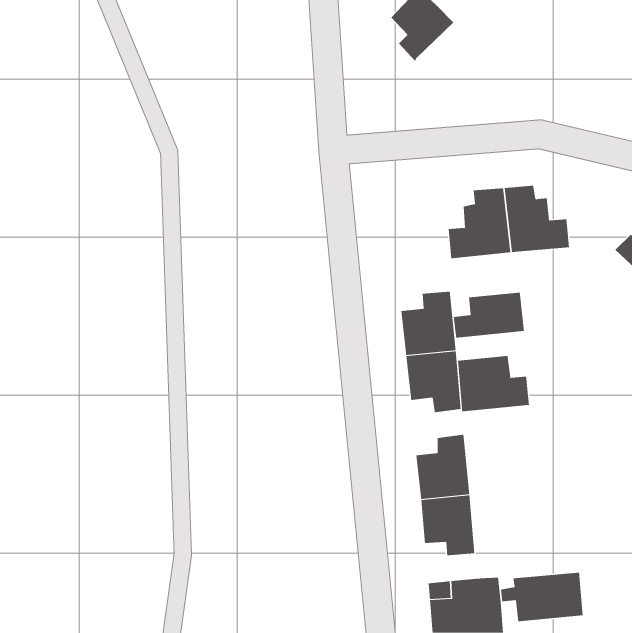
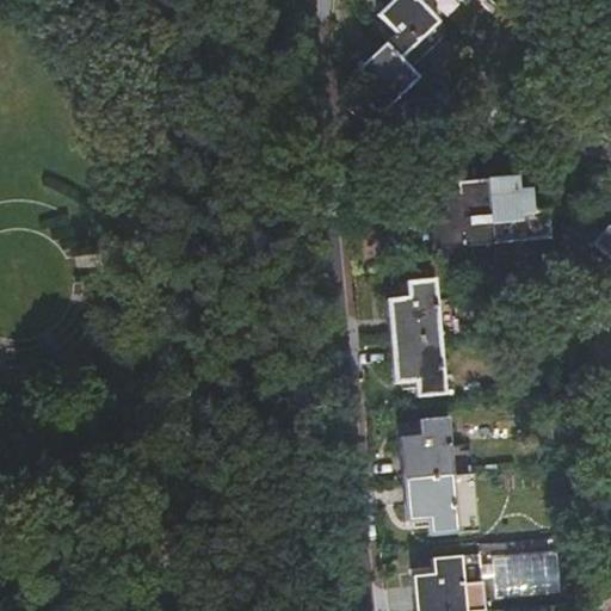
building: none -> [357,42,419,117]
building: [453,292,525,339] -> none
building: [458,355,529,412] -> none

